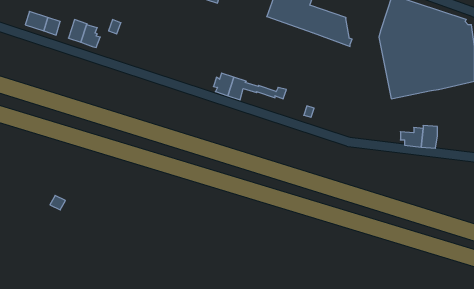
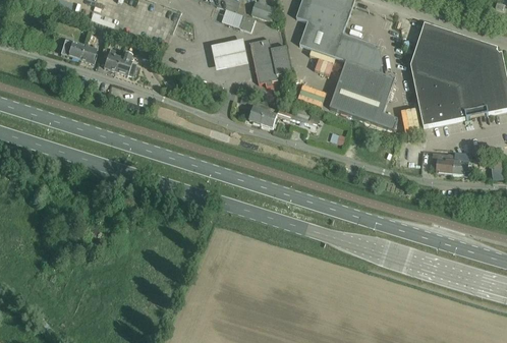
building: none -> [248,38,291,84]
building: none -> [211,39,246,69]
building: none -> [329,60,398,129]

